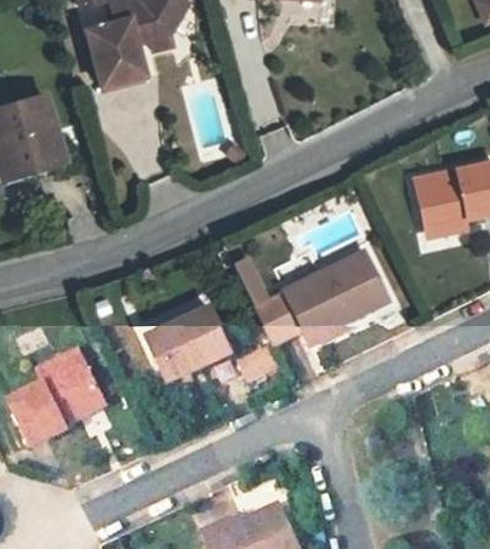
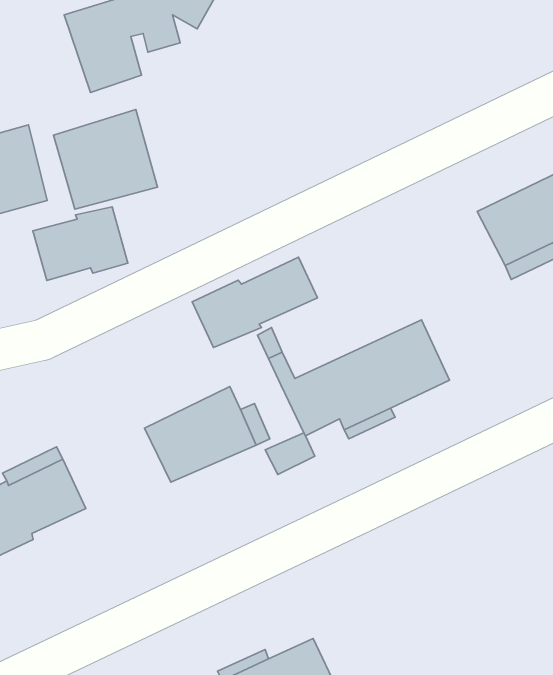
building: none -> [53,110,157,209]
building: none -> [33,207,128,281]
building: none -> [192,257,317,347]

